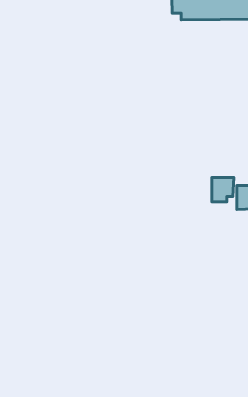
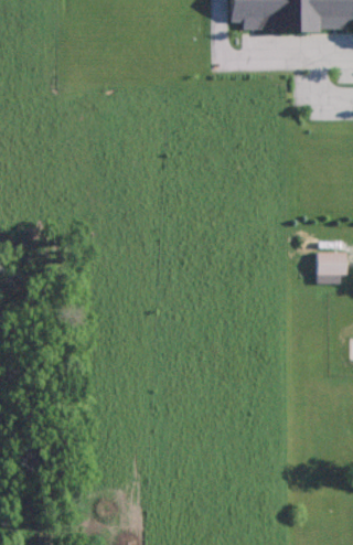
building: [212,177,234,202] -> none

